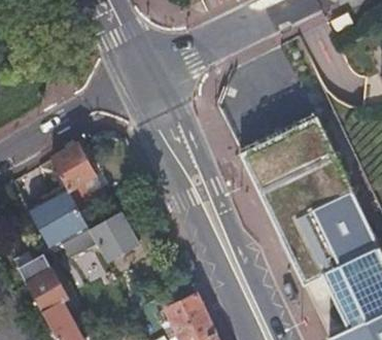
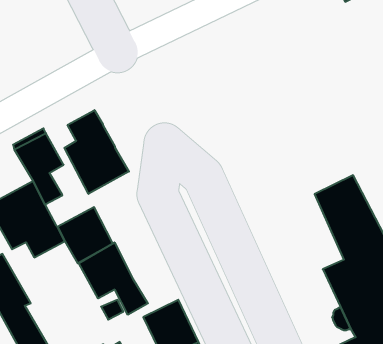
building: none -> [64,110,129,194]
building: none -> [79,242,148,315]

